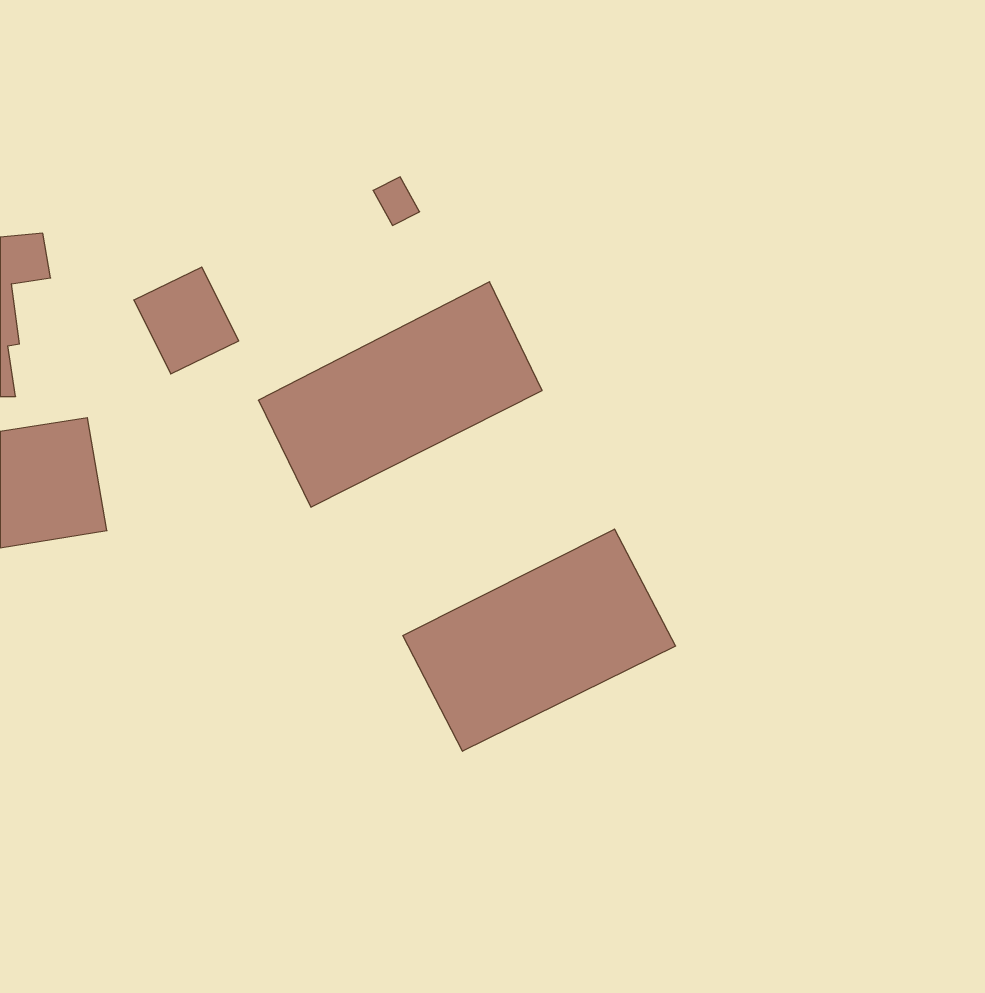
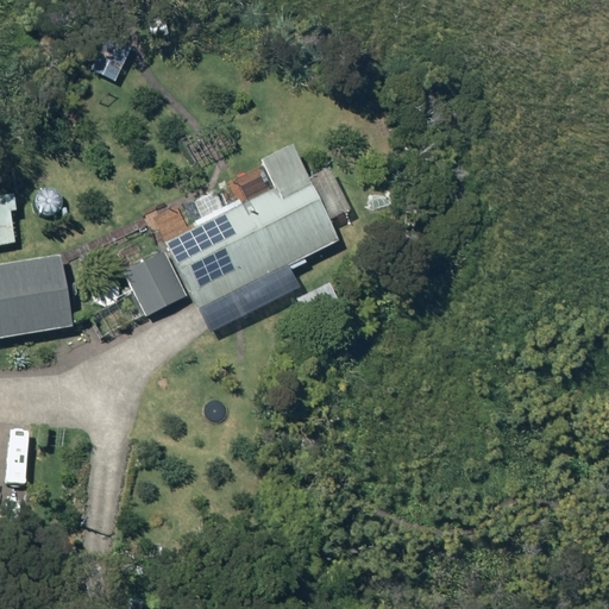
building: [134,267,239,374] -> [123,252,187,318]
building: [403,529,676,751] -> none

